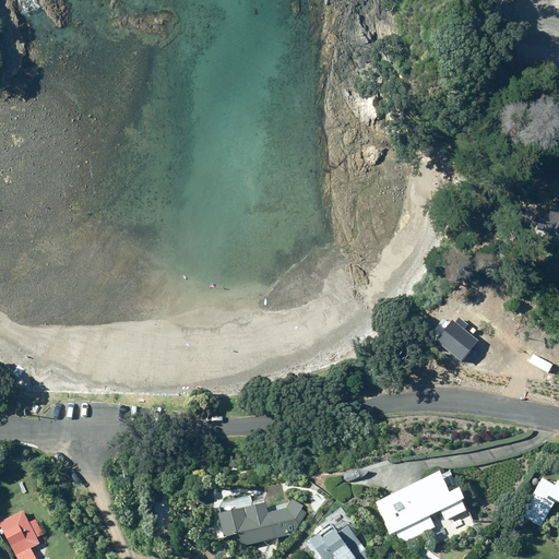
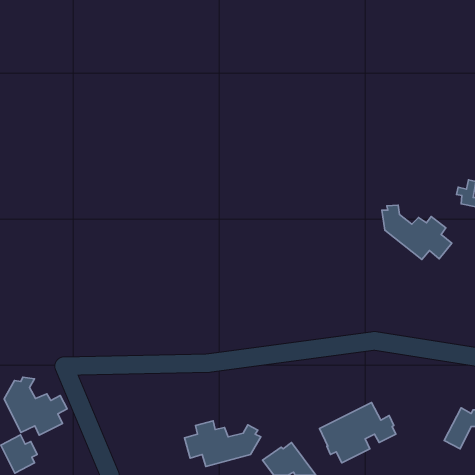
building: none -> [382,205,452,260]
building: [435,317,478,361] -> none
building: none -> [4,377,67,435]

